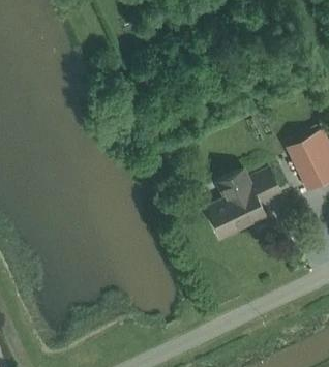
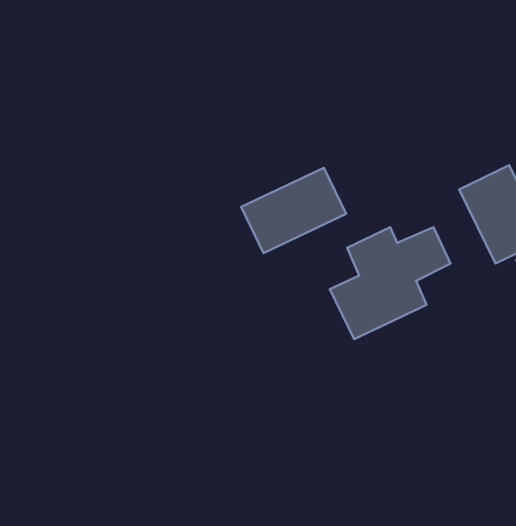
building: none -> [241,168,346,253]

